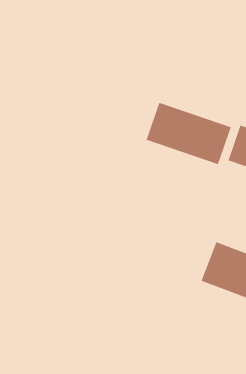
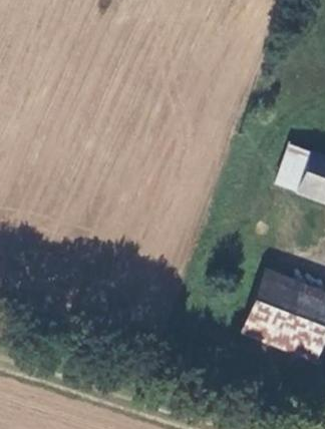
building: [146,102,232,165] -> none

